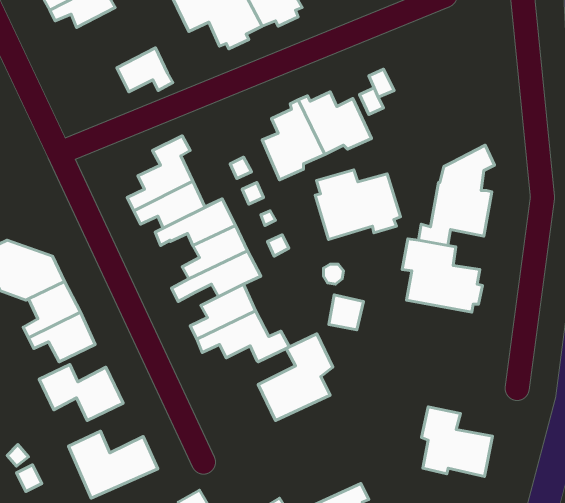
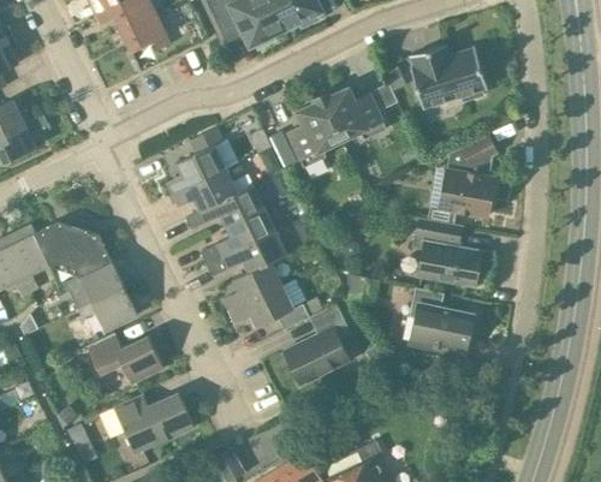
building: [117,48,173,92] -> [119,12,169,52]
building: [315,170,401,239] -> [409,46,486,108]
building: [422,407,492,476] -> [407,288,471,351]

